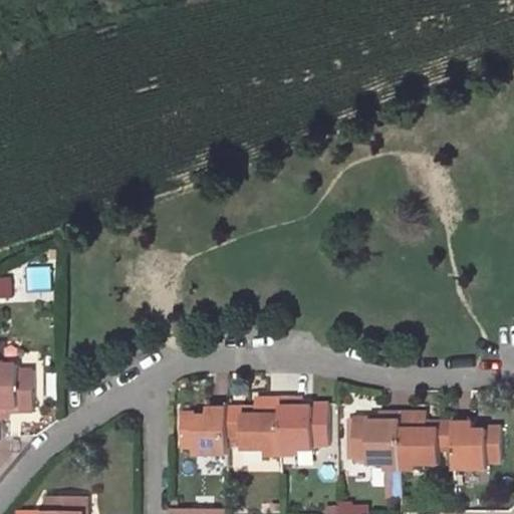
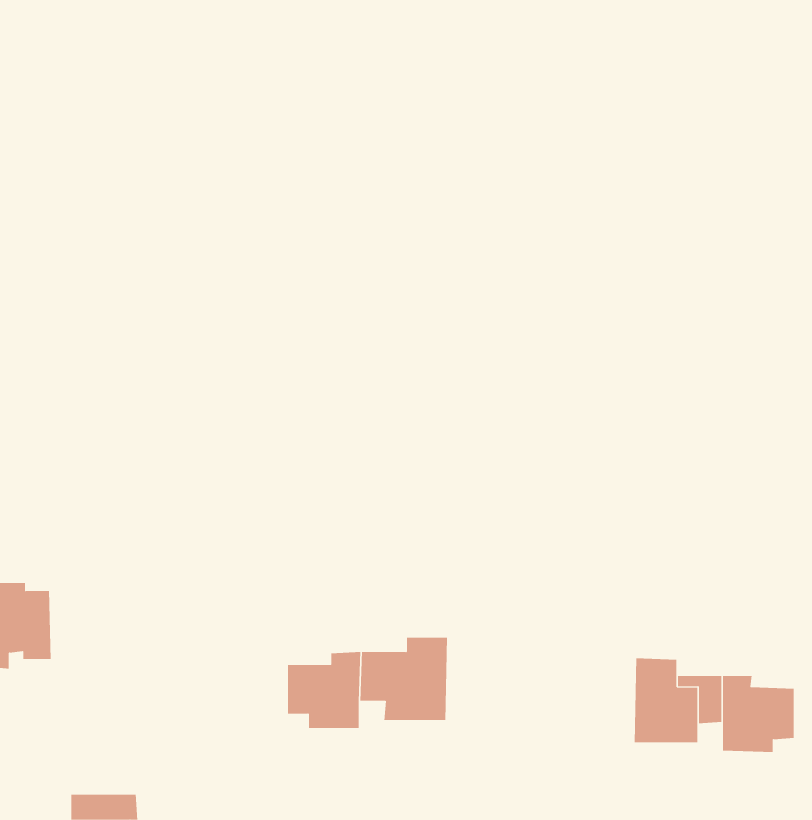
building: [279,398,326,451] -> none
building: [350,412,398,465] -> none

